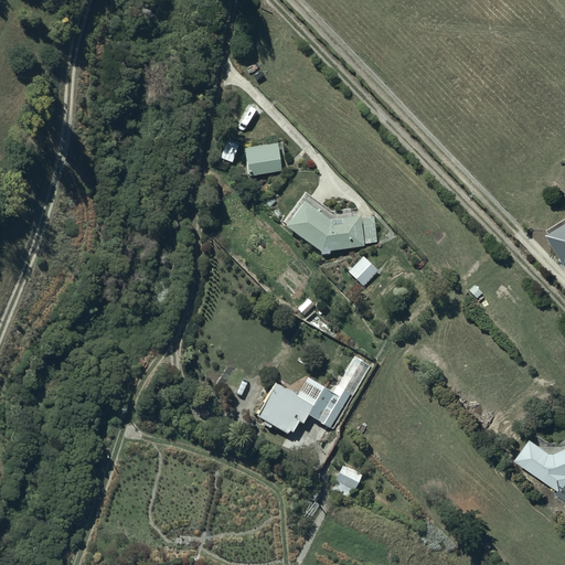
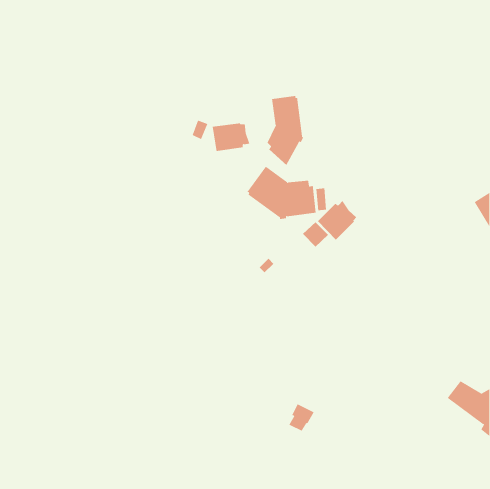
building: none -> [267,95,304,166]
building: none -> [317,200,357,241]
building: [255,356,372,435] -> none

